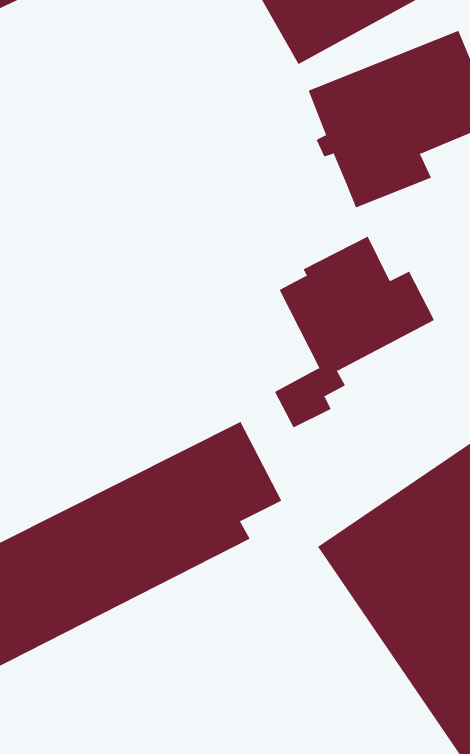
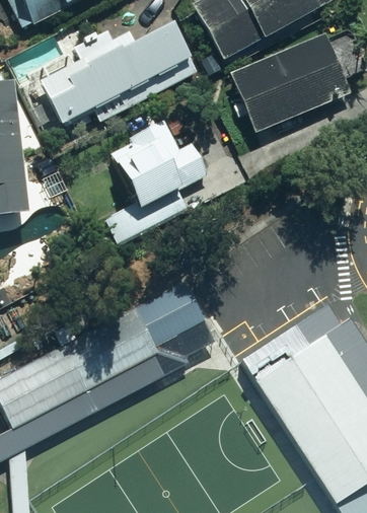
building: none -> [42,25,199,126]
building: [274,236,435,428] -> [107,119,210,241]

